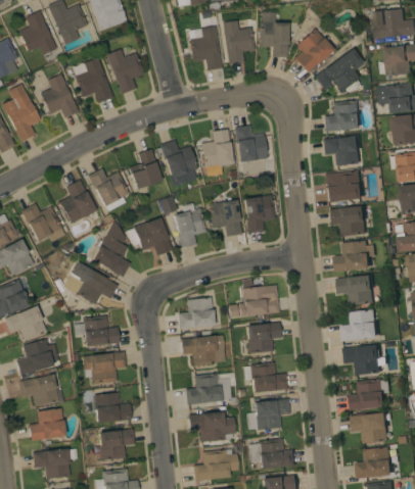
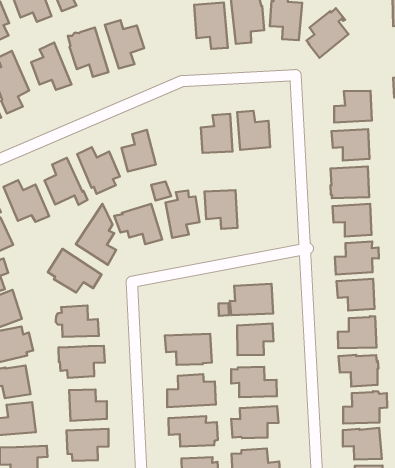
building: [315,48,363,93] -> none
building: [159,140,198,187] -> none
building: [243,195,275,233] -> none
building: [178,297,214,330] -> none

